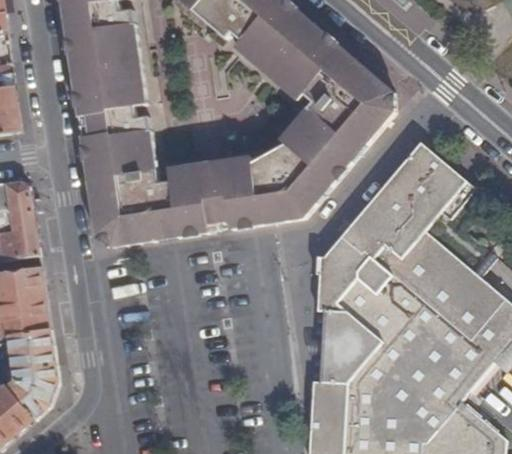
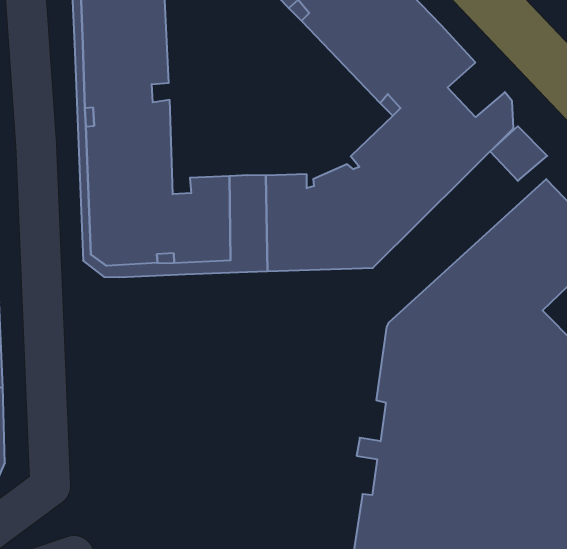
building: [344,63,385,102] -> [490,126,547,181]

